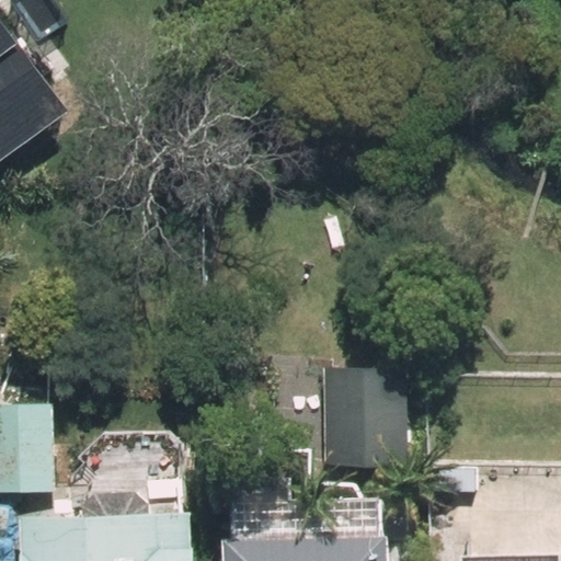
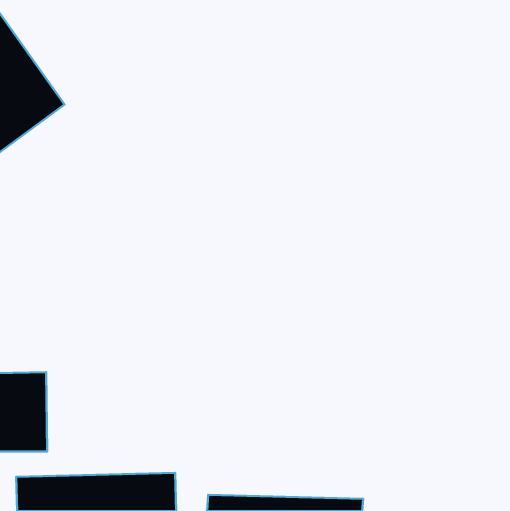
building: [321,366,398,468] -> none

